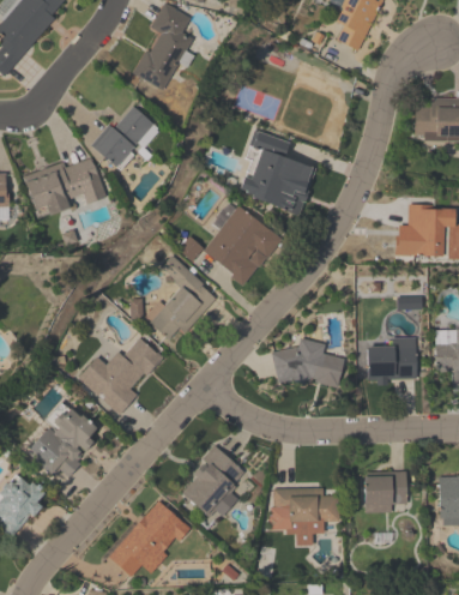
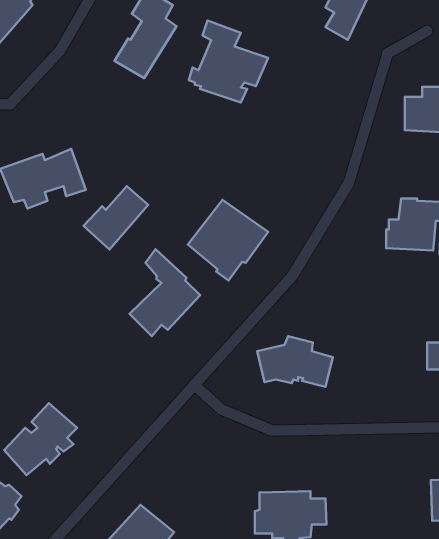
building: [91,106,153,167] -> [84,186,148,249]
building: [240,131,316,210] -> [189,20,268,102]
building: [79,337,163,414] -> none
building: [367,337,417,385] -> none
building: [182,445,244,517] -> none
building: [364,470,406,512] -> none

